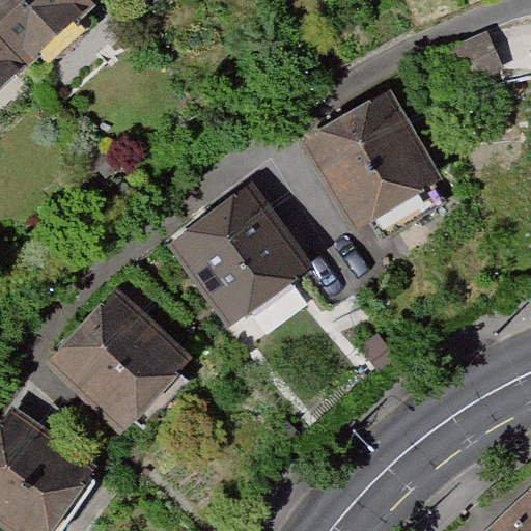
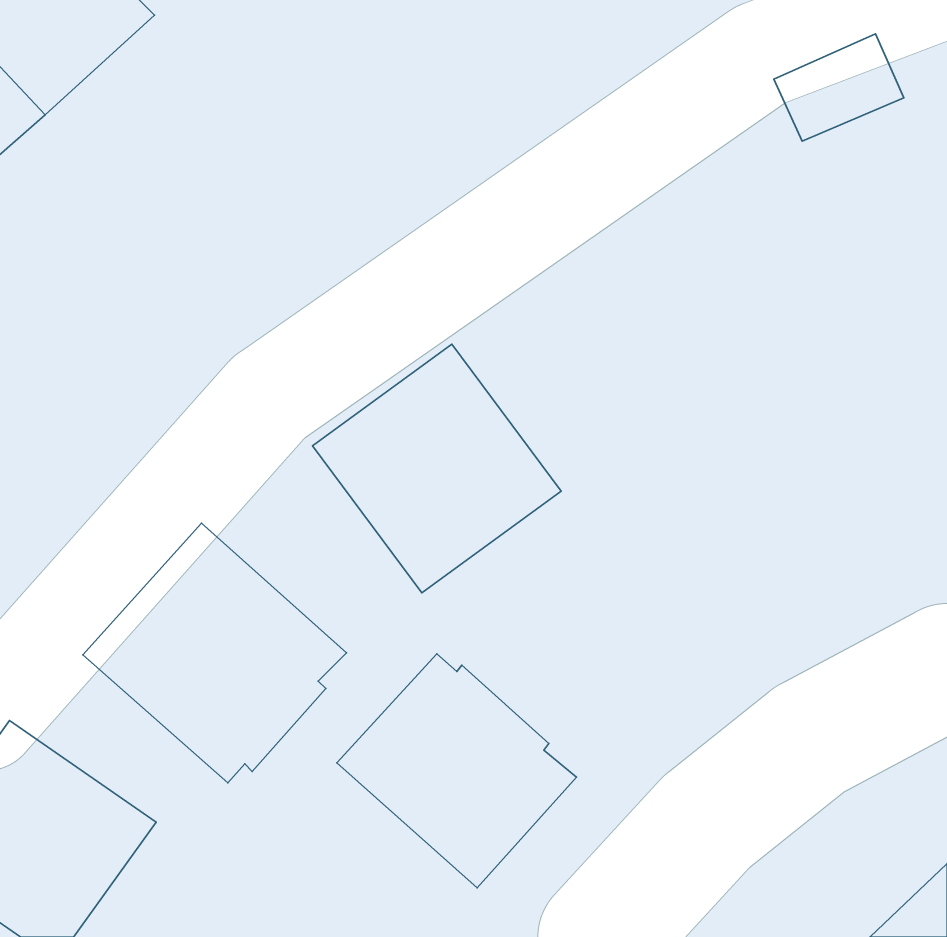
building: [309,93,444,234] -> none
building: none -> [337,654,576,888]

